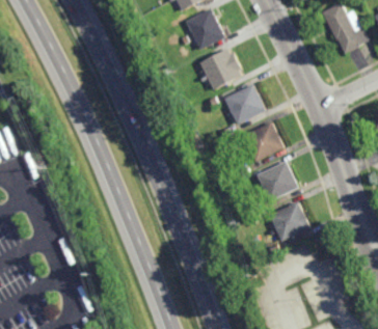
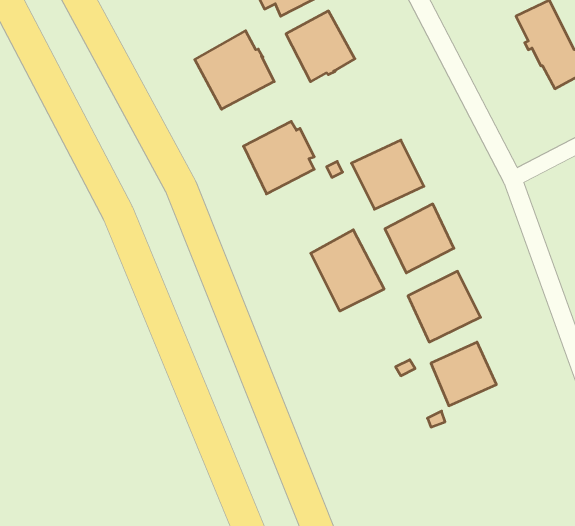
building: none -> [195,31,274,109]
building: [199,48,241,90] -> [243,121,314,194]
building: none -> [311,230,384,311]

